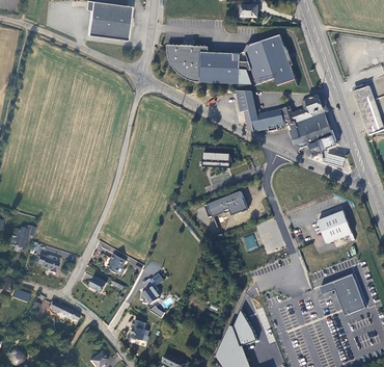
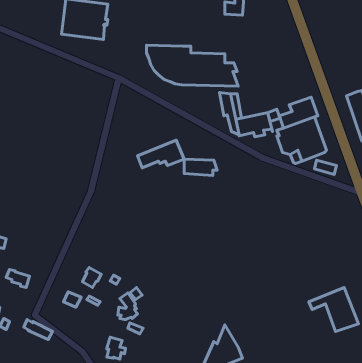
building: [246,33,296,84] -> none
building: [204,190,248,216] -> [138,140,184,168]
building: [318,209,352,242] -> none

